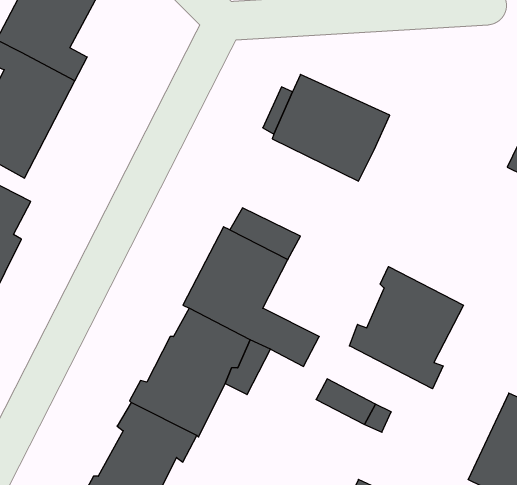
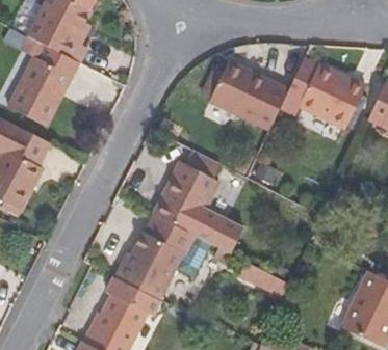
building: none -> [278,58,365,130]
building: [349,267,463,389] -> none

